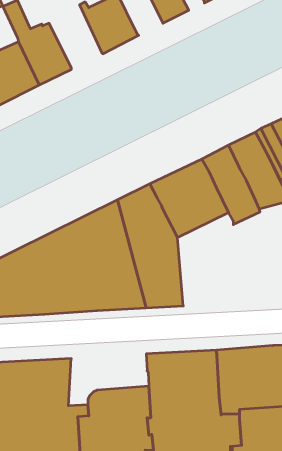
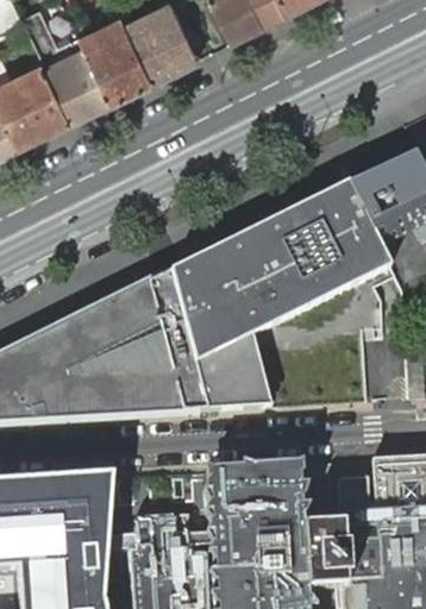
building: none -> [81,19,152,102]
building: none -> [249,287,320,407]

